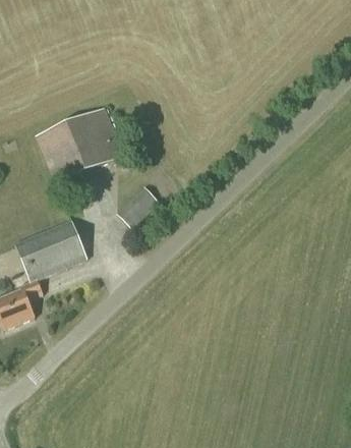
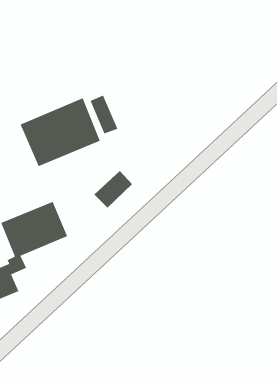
building: none -> [90,94,118,135]

